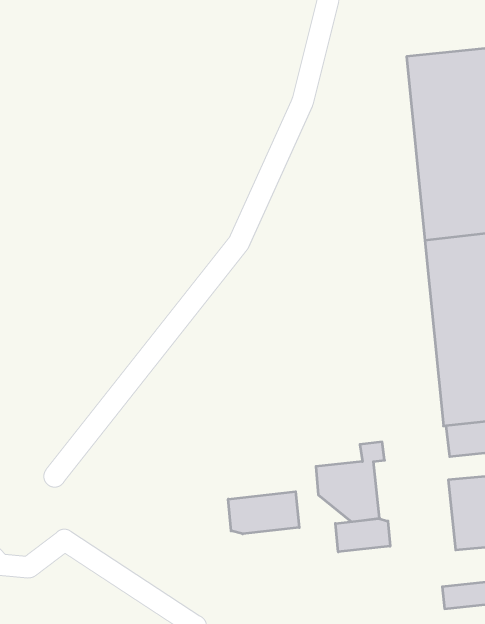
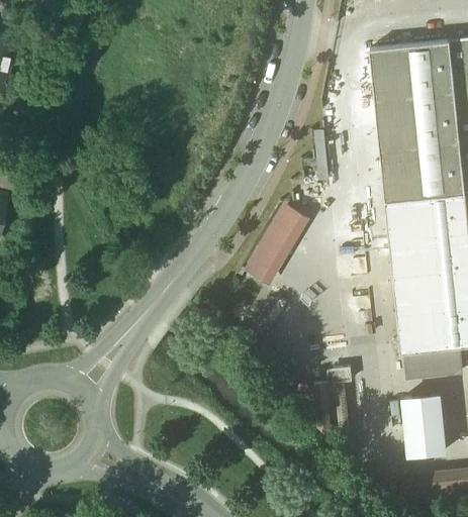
building: none -> [249,205,301,279]
building: [228,492,299,534] -> none
building: [335,519,390,552] -> none

